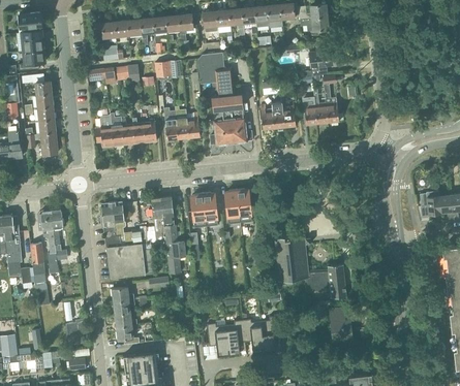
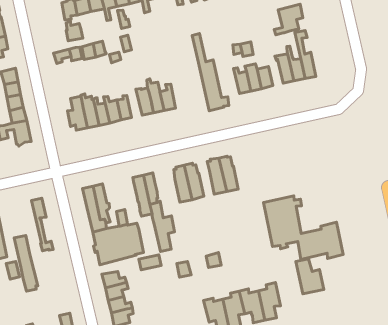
building: [196,53,232,144] -> none
building: [37,211,57,274] -> none
building: [328,309,351,342] -> [296,259,324,294]

